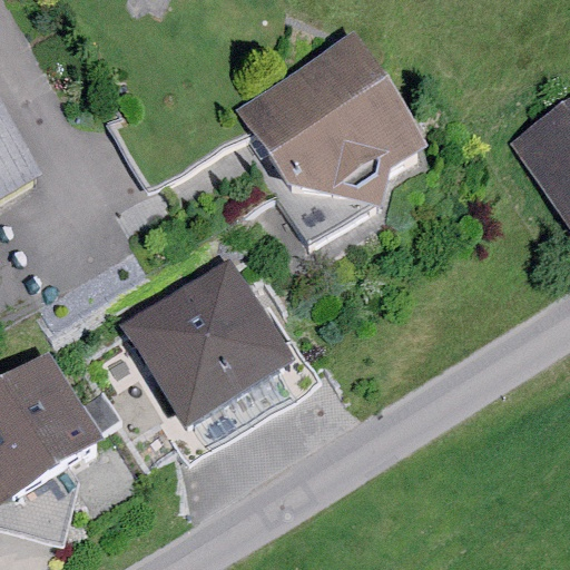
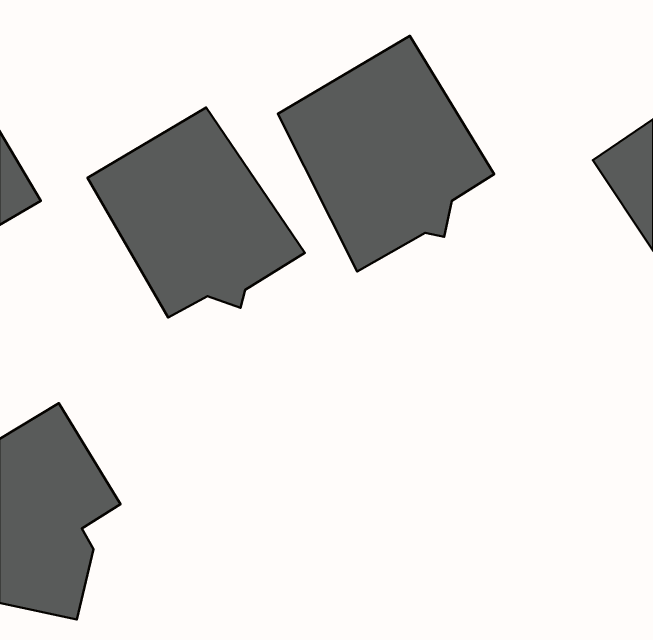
building: none -> [88,108,305,318]
building: [122,258,291,424] -> none

